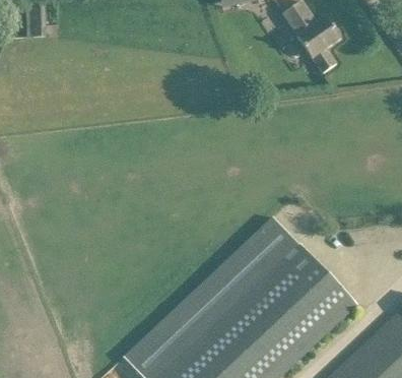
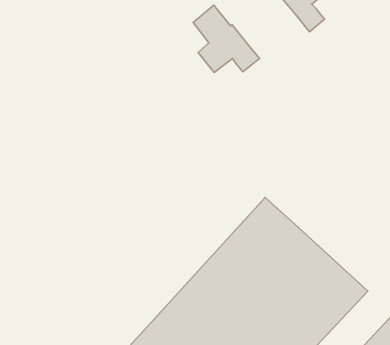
building: none -> [193,5,260,73]

